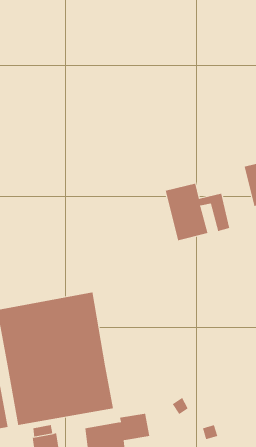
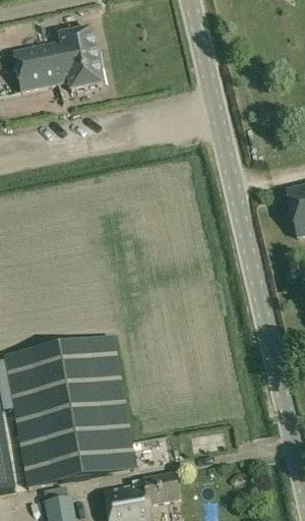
building: none -> [13,27,103,92]
building: [165,183,230,241] -> none

